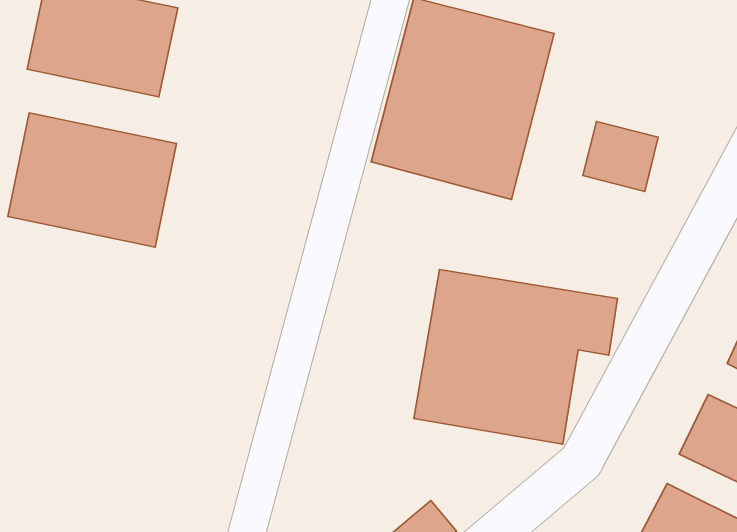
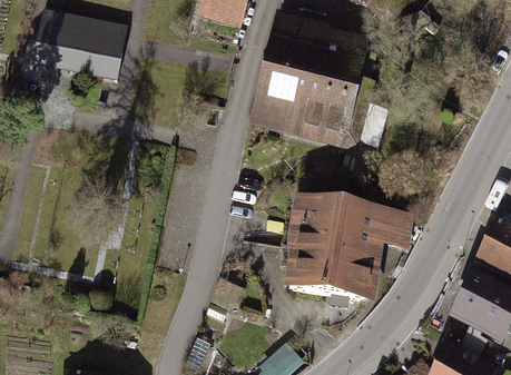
building: [8,113,176,247] -> none
building: [583,121,658,192] -> none

